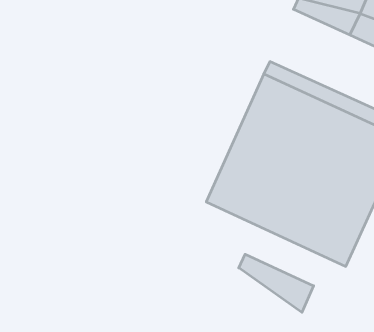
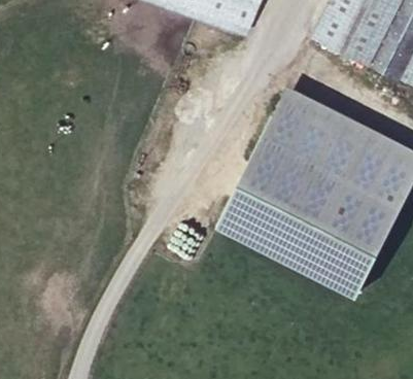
building: [239,254,314,312] -> none

